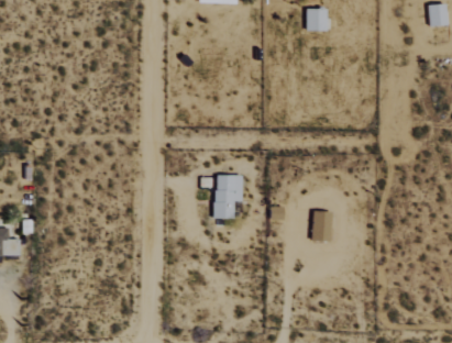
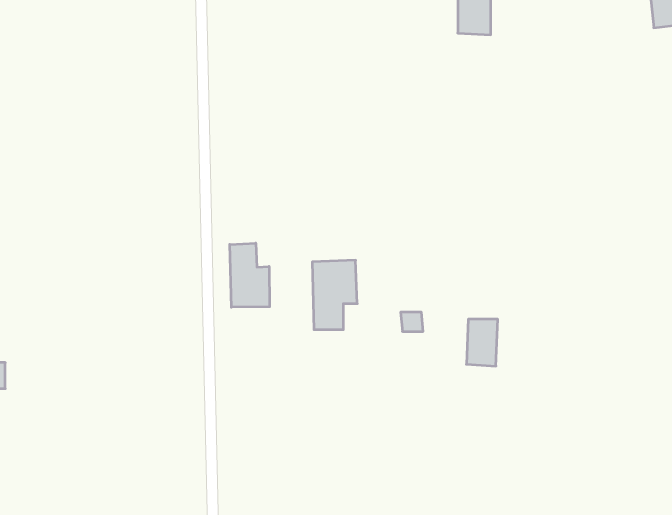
building: none -> [230,243,270,307]

